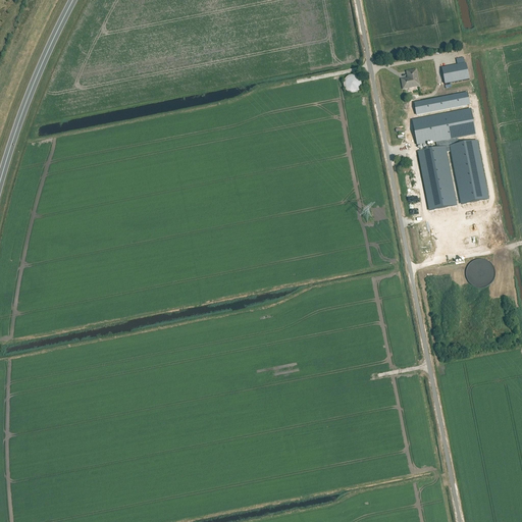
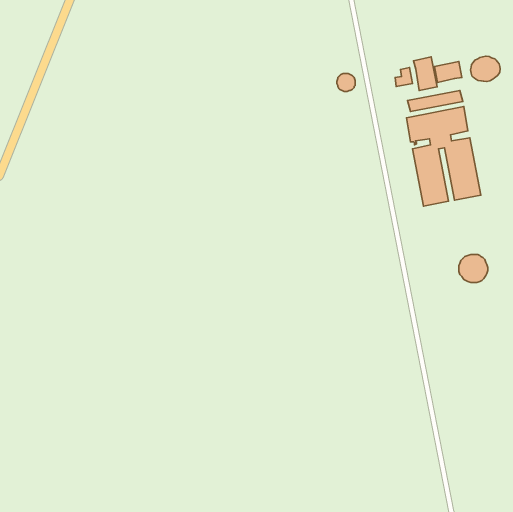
building: none -> [471,56,500,81]
building: none -> [414,57,437,91]

